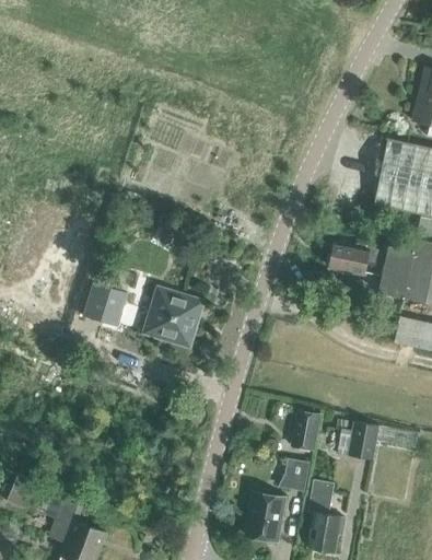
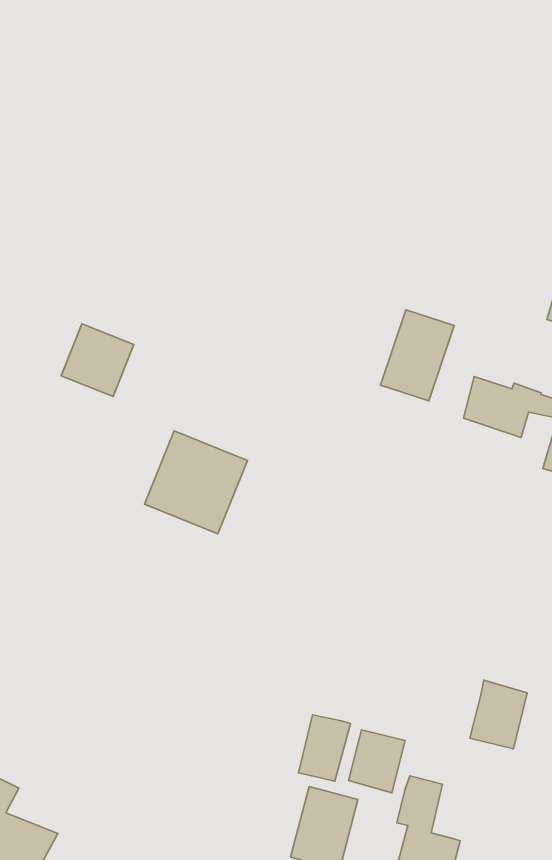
building: none -> [381,310,454,401]
building: [85,283,127,325] -> [61,324,134,397]
building: [292,411,320,450] -> [299,715,351,781]

